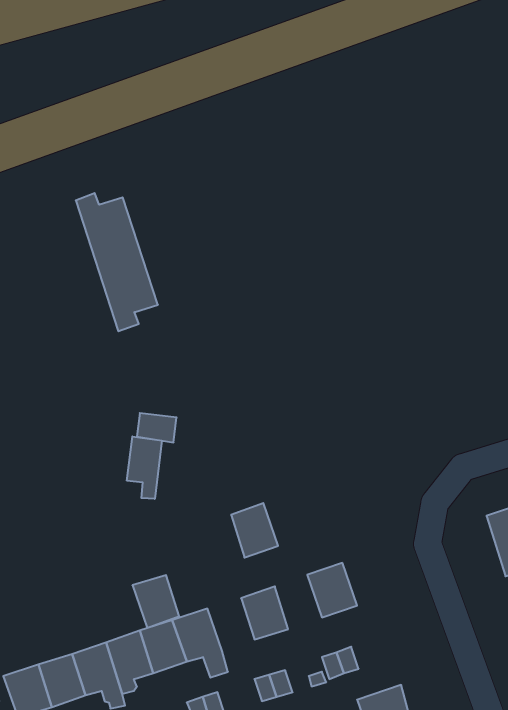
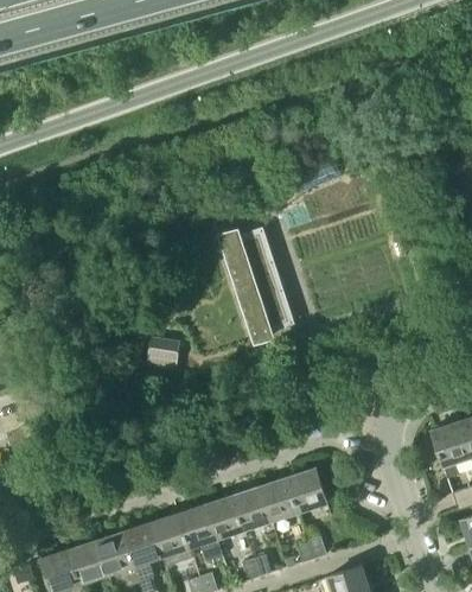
building: [76,193,158,331] -> [222,230,288,342]
building: [127,436,162,499] -> none
building: [231,503,278,558] -> [259,477,296,521]
building: [132,575,179,628] -> [204,496,242,539]

